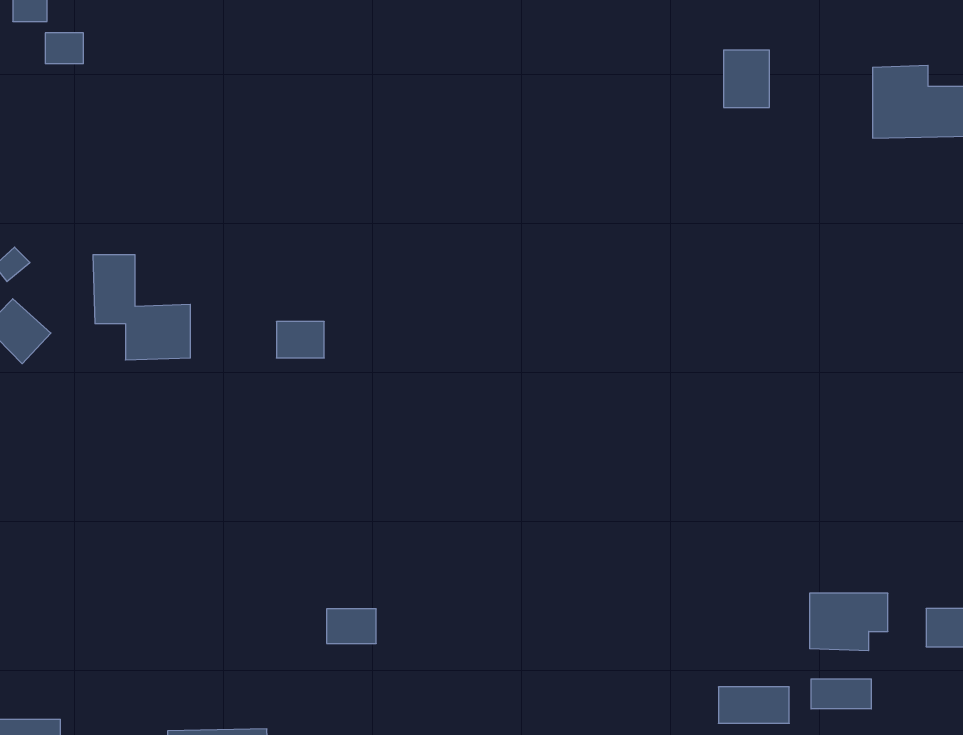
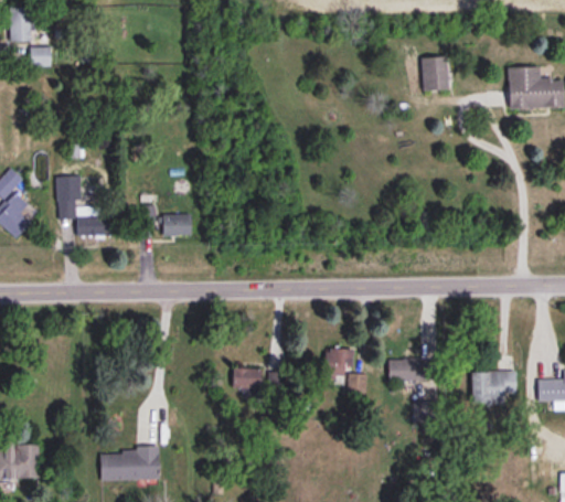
building: none -> [324,349,366,402]
building: [327,609,376,643] -> [233,369,262,388]
building: [811,679,871,709] -> none
building: [718,687,789,723] -> [388,359,429,380]

